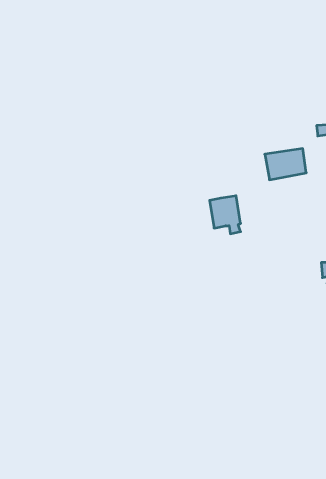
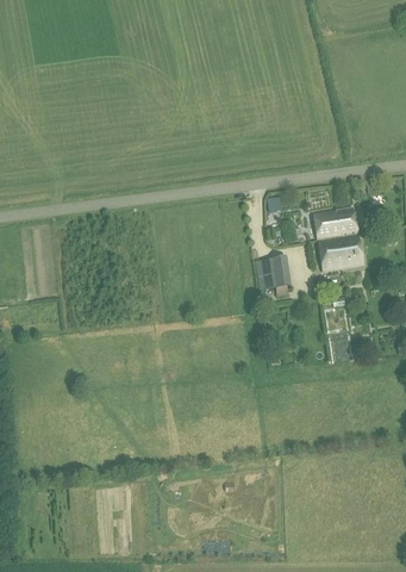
building: none -> [318,232,362,271]

